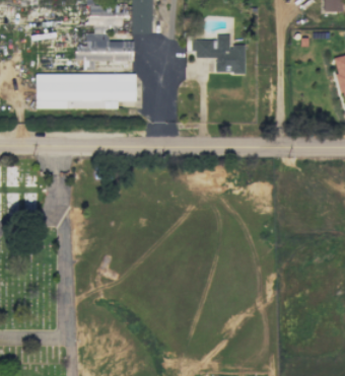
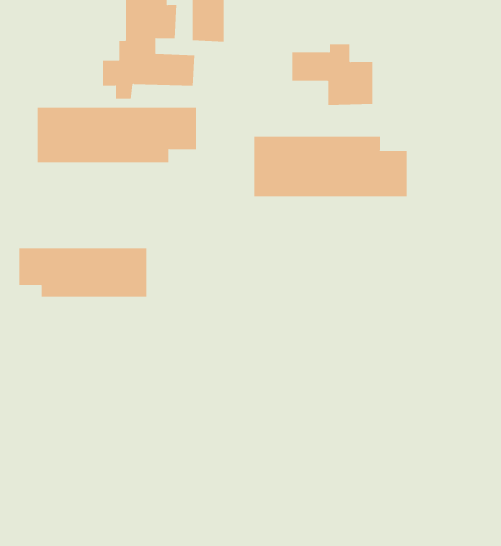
building: none -> [254,136,407,197]
building: none -> [19,247,147,298]

